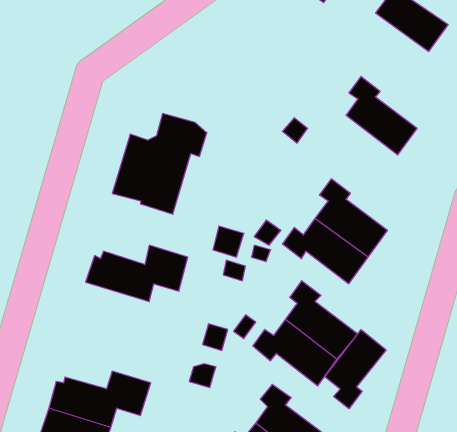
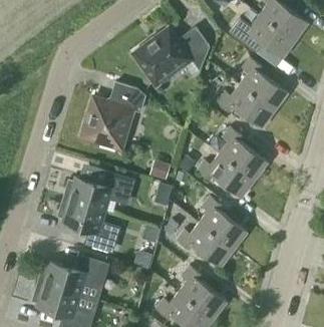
building: none -> [238,15,296,59]
building: none -> [132,27,210,86]
building: none -> [218,84,275,129]
building: none -> [58,198,118,251]
building: [325,330,386,409] -> none

